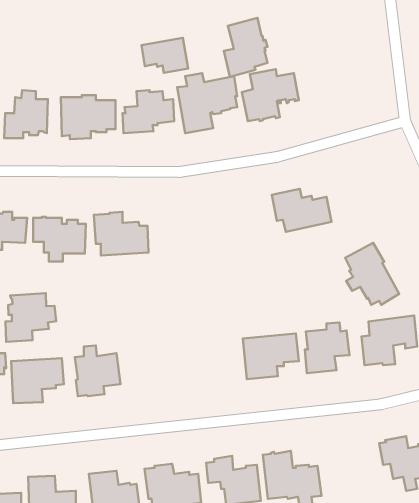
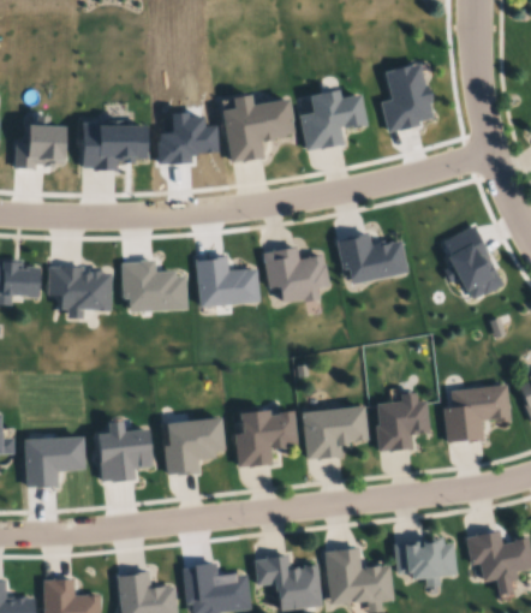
building: [224,18,268,77] -> [382,61,435,132]
building: [141,38,188,73] -> none
building: none -> [263,245,332,302]
building: none -> [195,255,262,308]
building: [345,243,399,305] -> [443,222,508,297]
building: [6,293,56,342] -> none
building: none -> [235,410,299,468]
building: none -> [165,417,226,476]
building: none -> [394,536,460,588]

